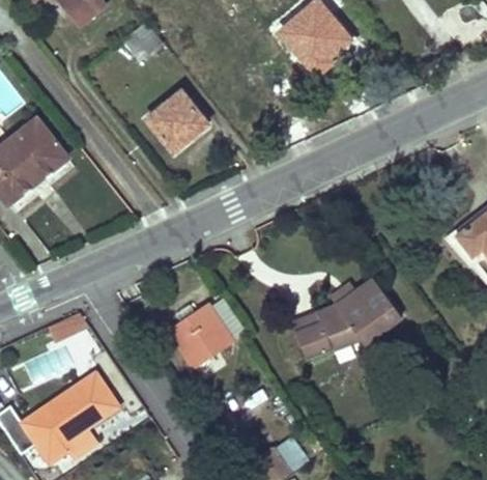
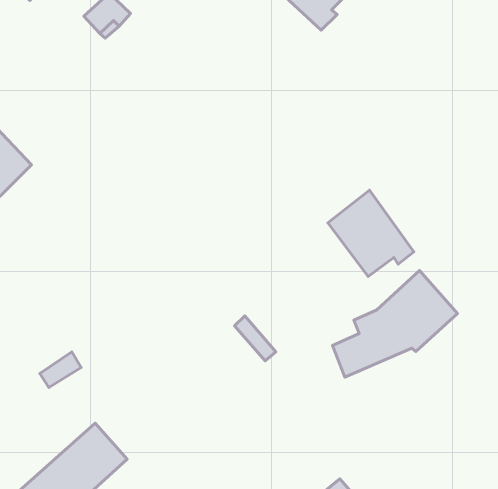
building: [146,90,203,151] -> none
building: none -> [328,190,414,277]
building: [170,305,232,366] -> none

